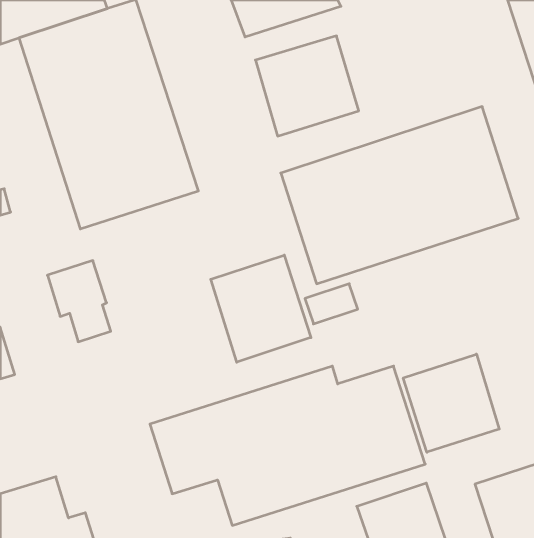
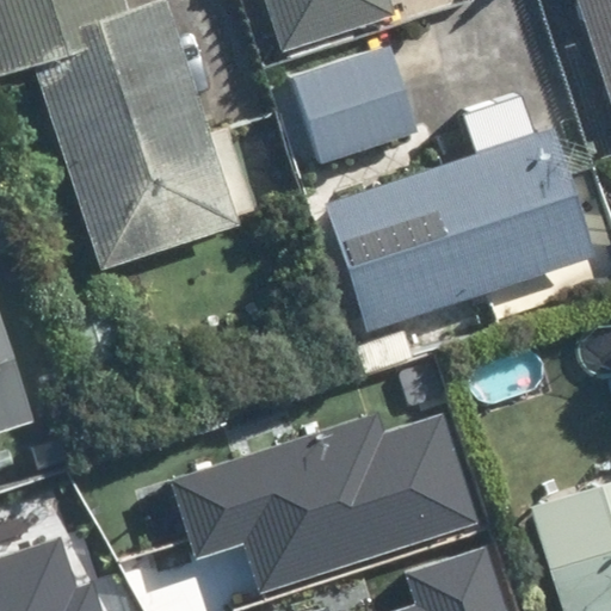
building: [211,255,311,362] -> none
building: [403,354,499,452] -> none

